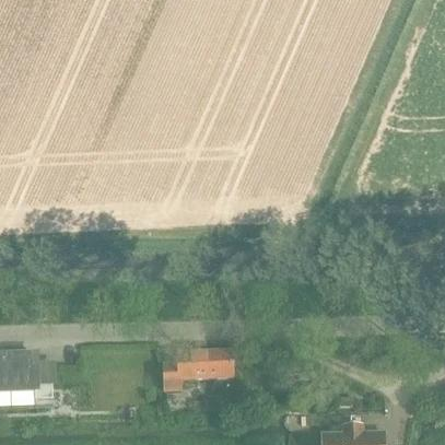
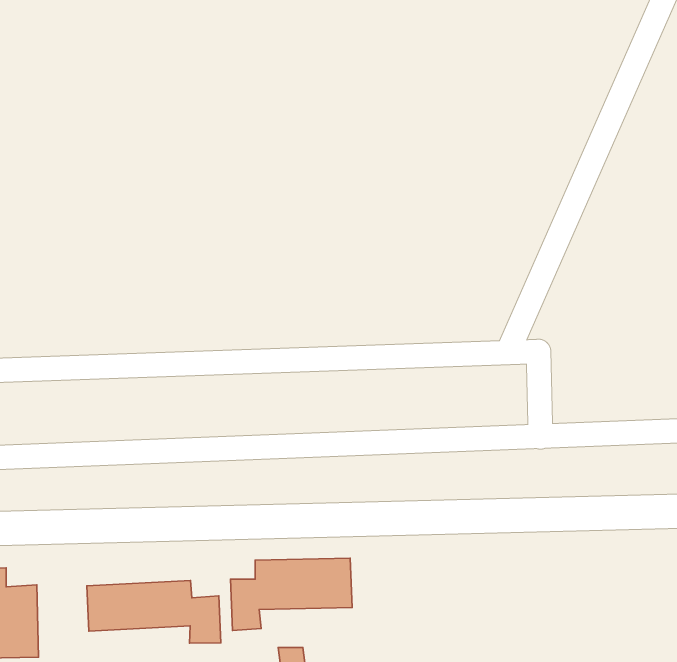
building: none -> [87,580,221,643]

